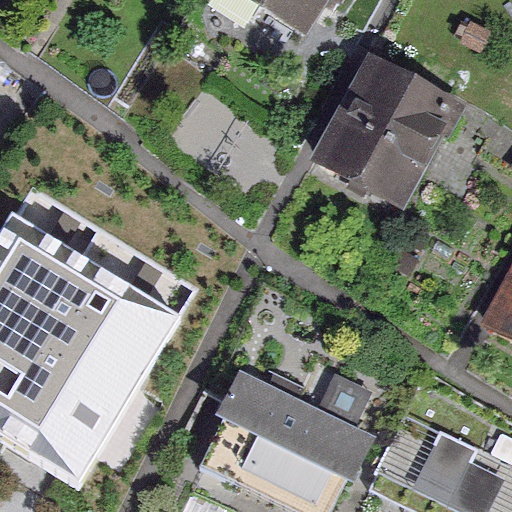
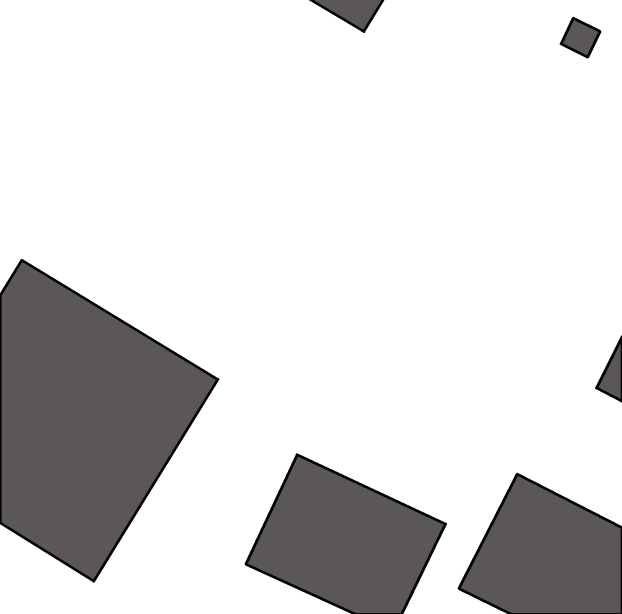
building: [321,63,451,198] -> none

